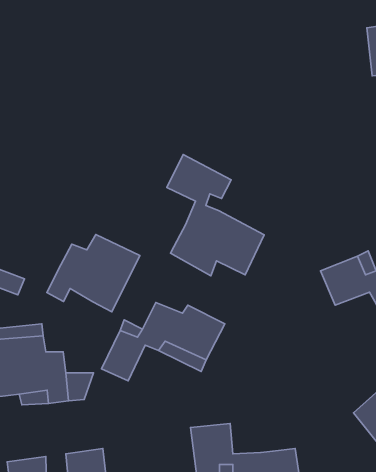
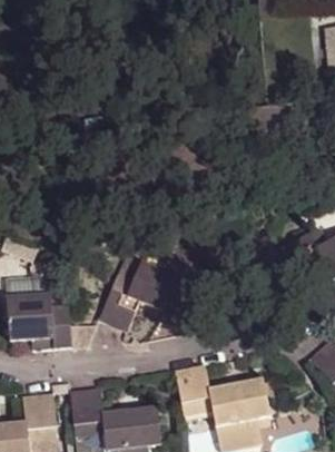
building: [167,154,264,276] -> none
building: [47,235,140,312] -> none

